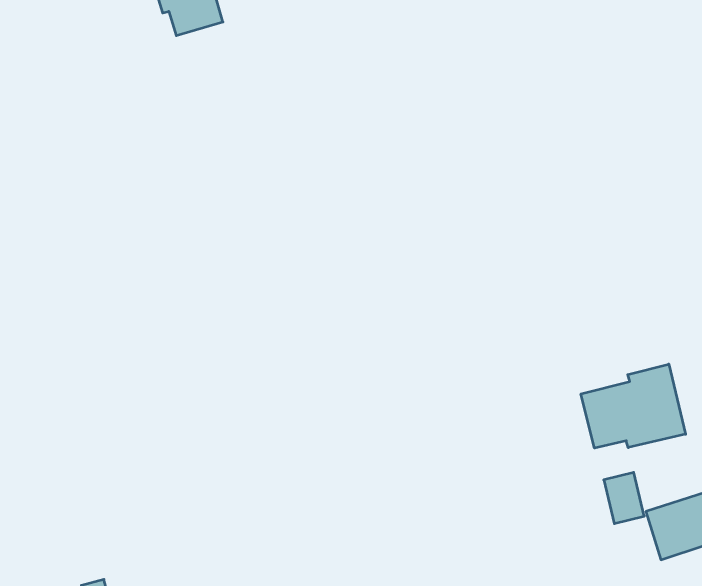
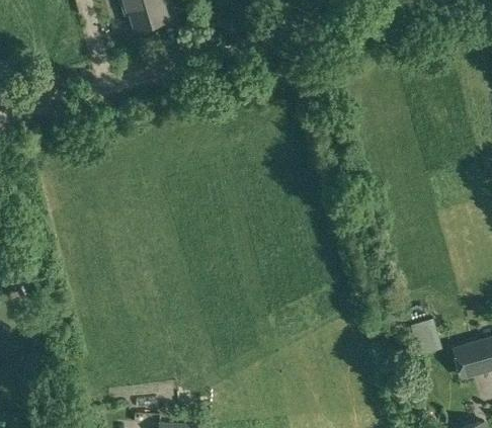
building: [581,364,686,448] -> none

